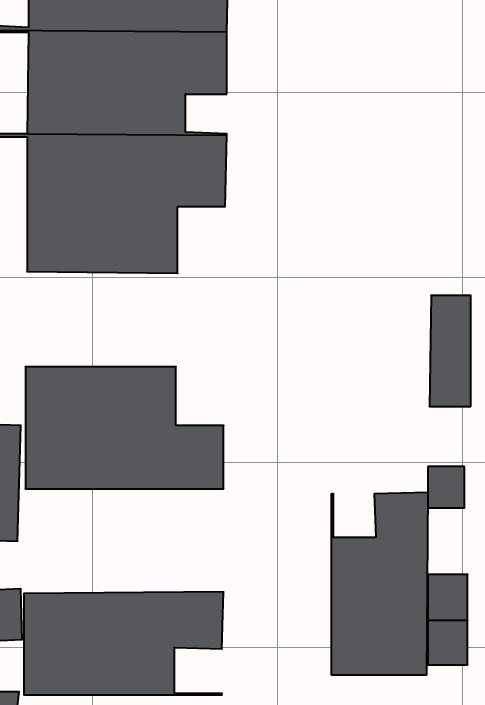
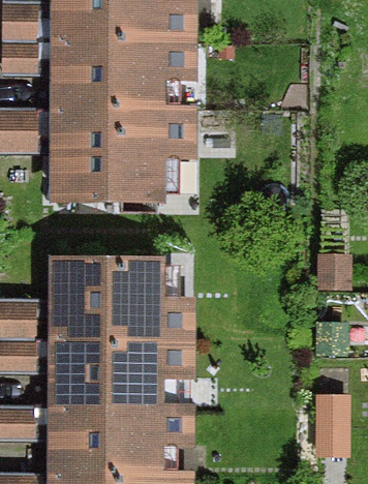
building: none -> [54,341,184,410]
building: [332,492,428,675] -> none

